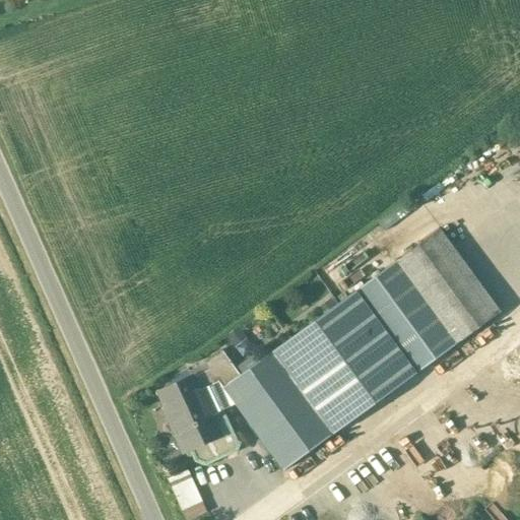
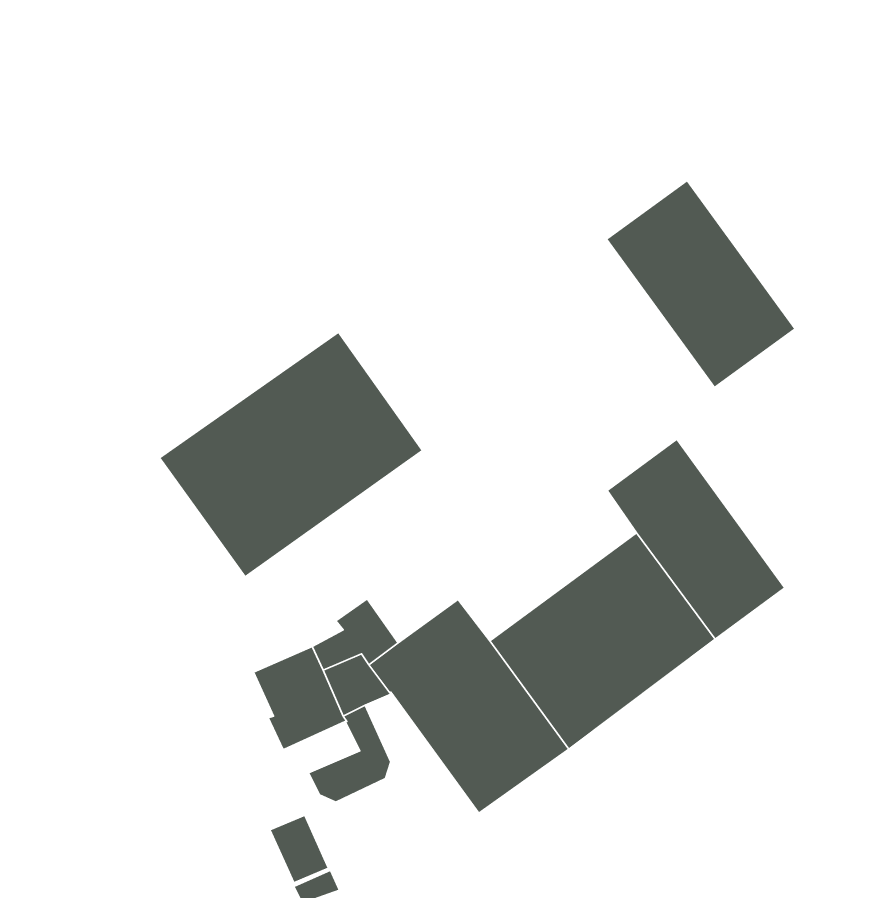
building: none -> [159,332,422,577]
building: [394,230,499,344] -> [606,180,795,388]
building: [273,290,372,374] -> none
building: [177,418,218,450] -> none

